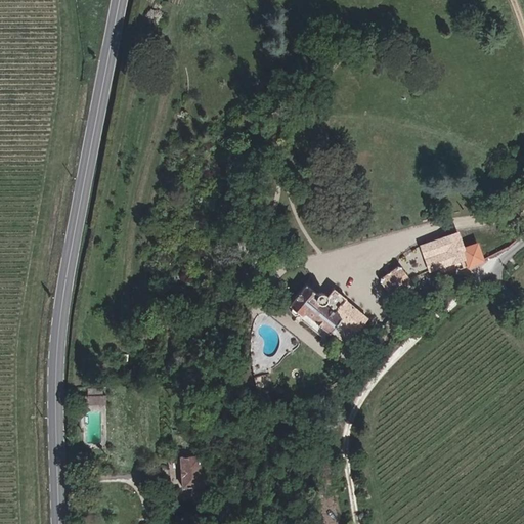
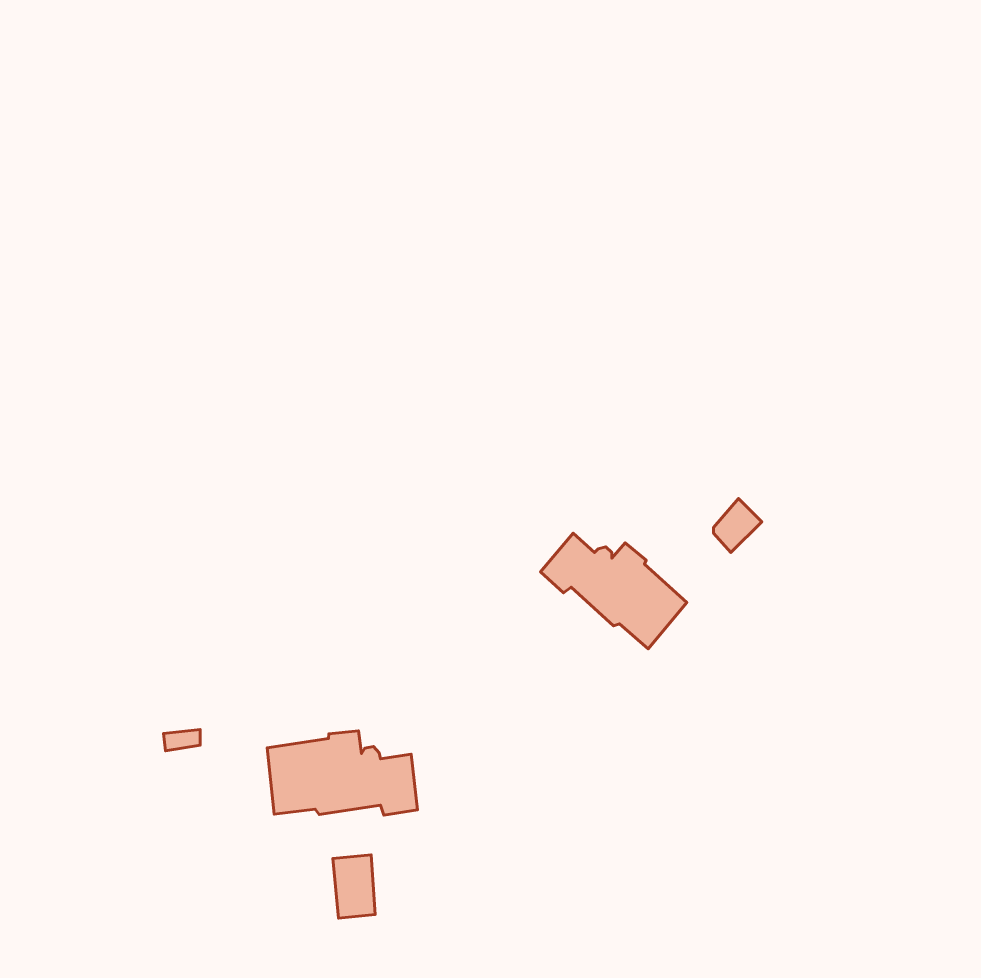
building: [422,235,483,269] -> none
building: none -> [267,731,417,815]

